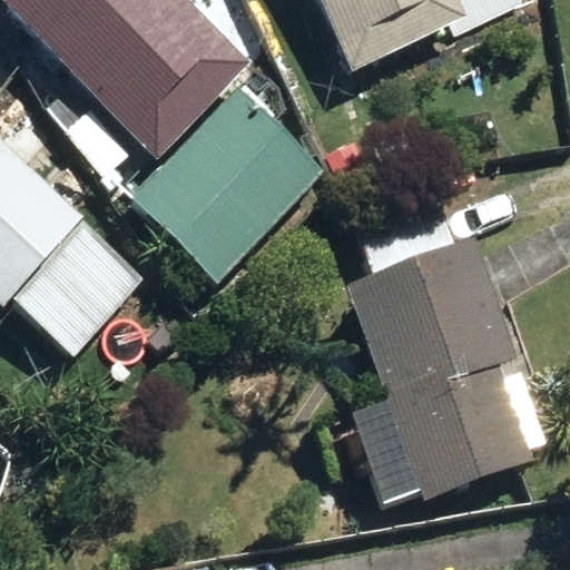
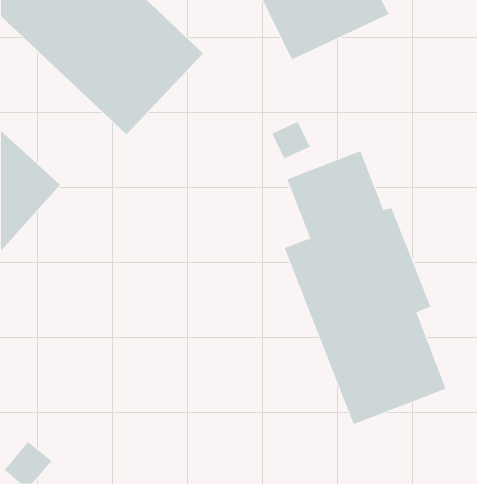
building: [131,87,325,283] -> none
building: [29,226,160,355] -> none

